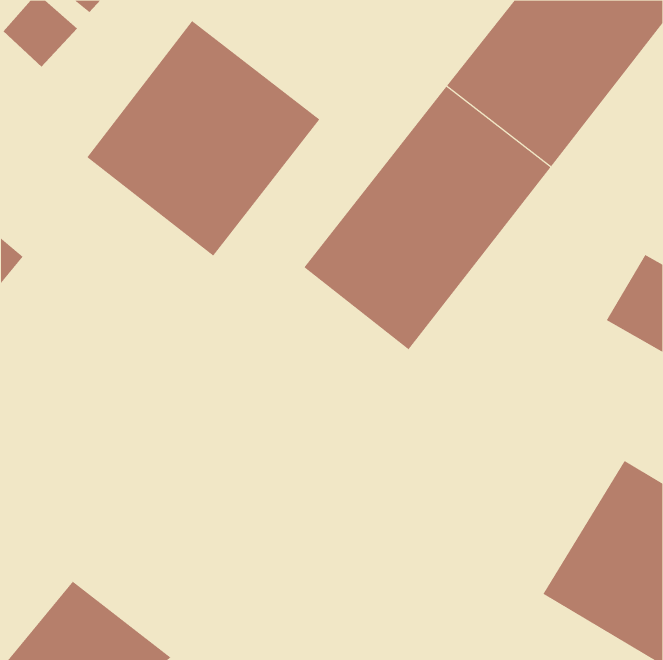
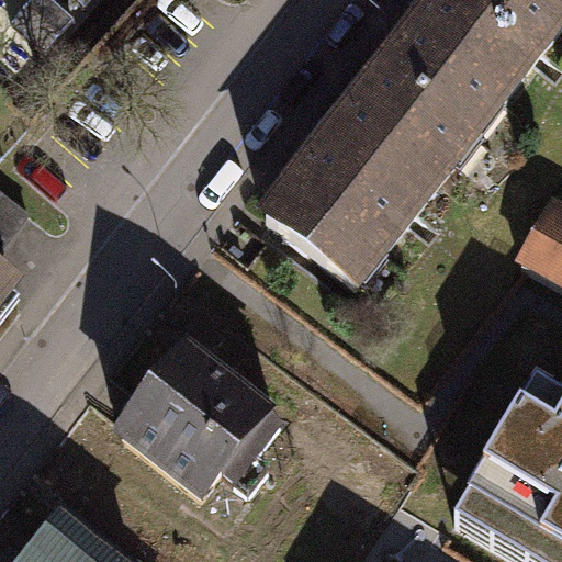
building: [86,20,320,256] -> none
building: none -> [101,314,286,497]

